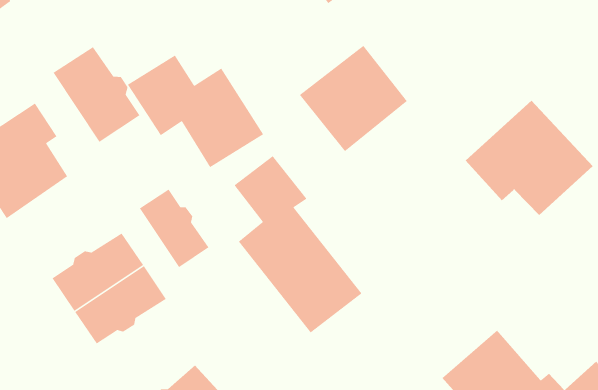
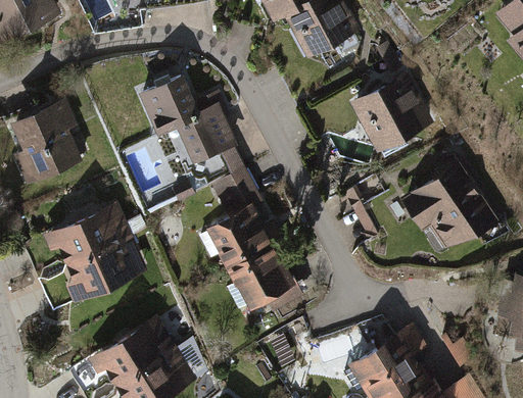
building: [299,45,408,152] -> [348,74,433,156]
building: [52,46,141,143] -> none
building: [139,188,210,268] -> none

